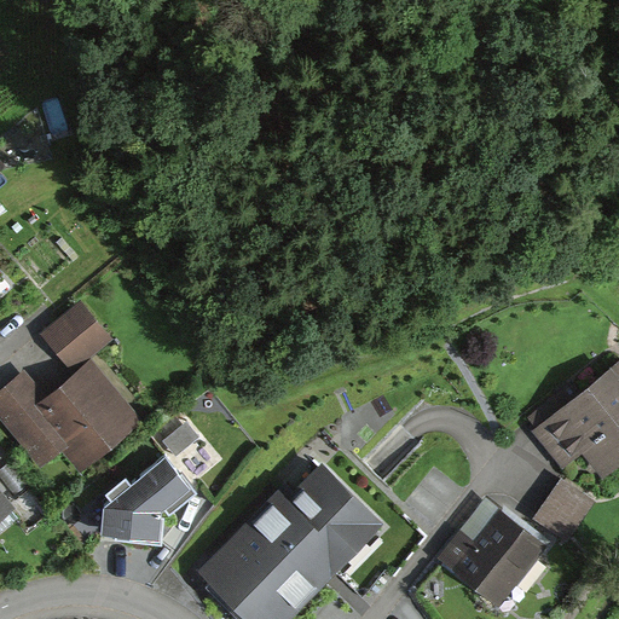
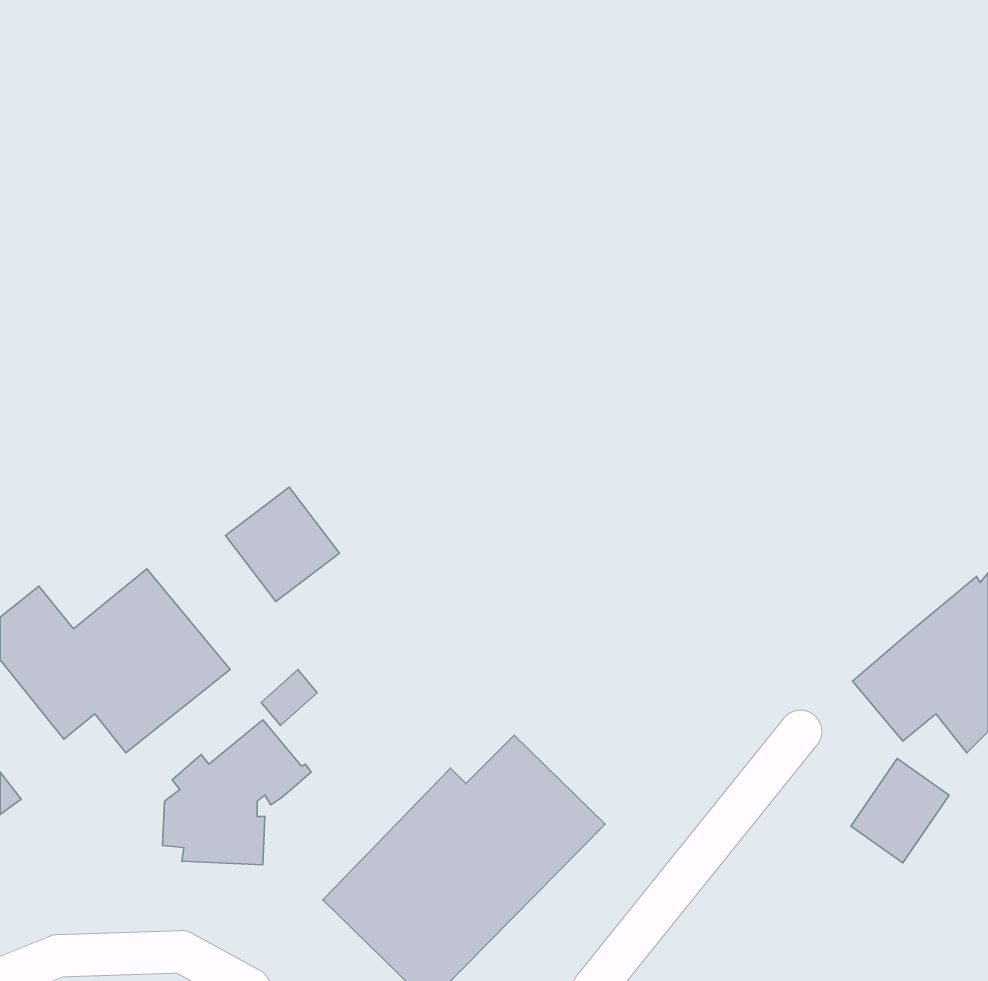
building: [40,302,111,374] -> [225,487,340,601]
building: [439,499,548,608] -> none

